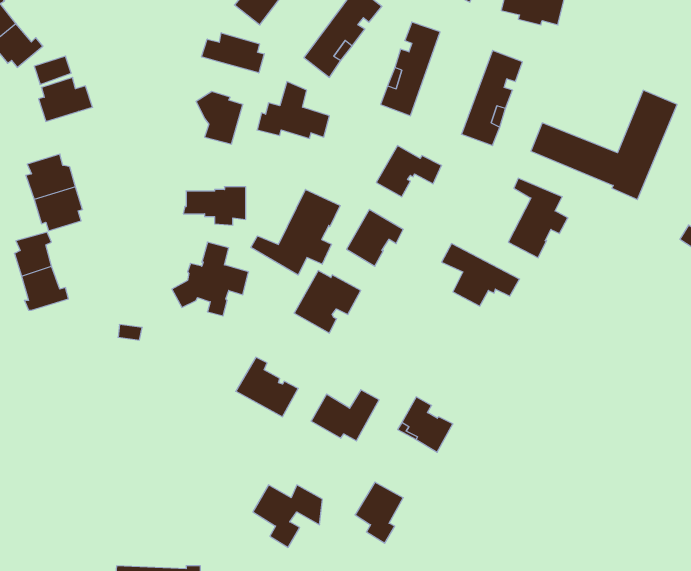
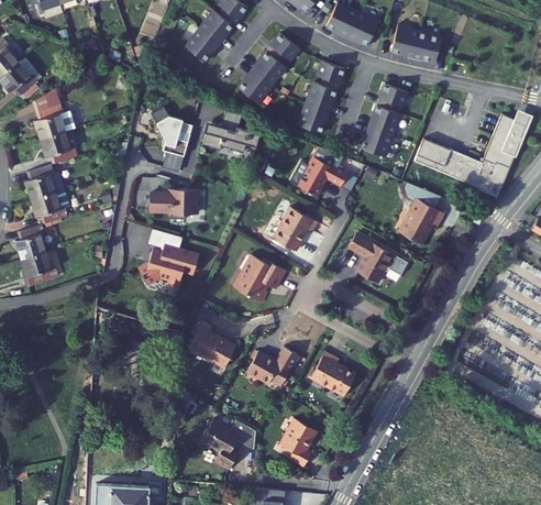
building: [202,33,264,73] -> none
building: none -> [40,130,77,163]
building: [251,189,340,275] -> none

